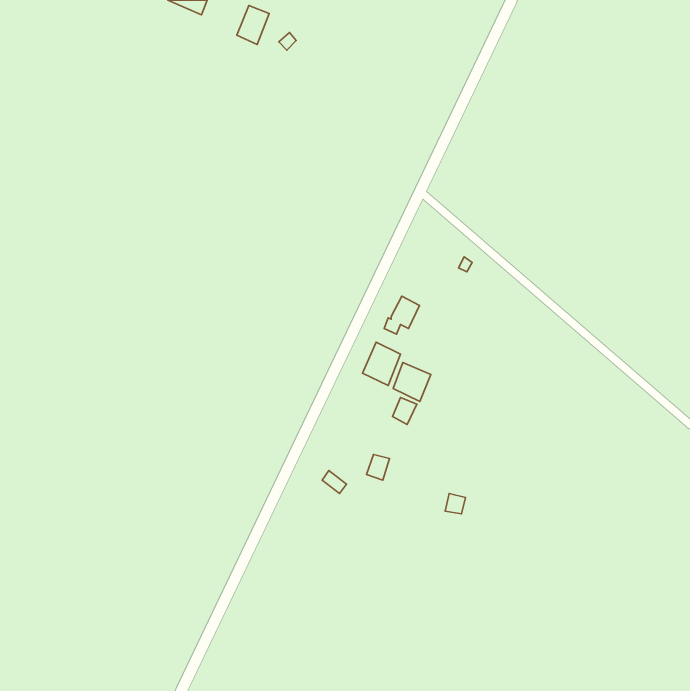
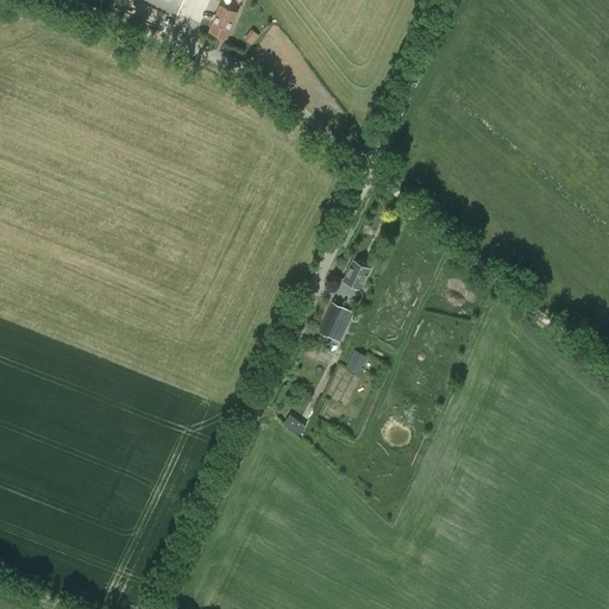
building: [393,363,431,402] -> none

